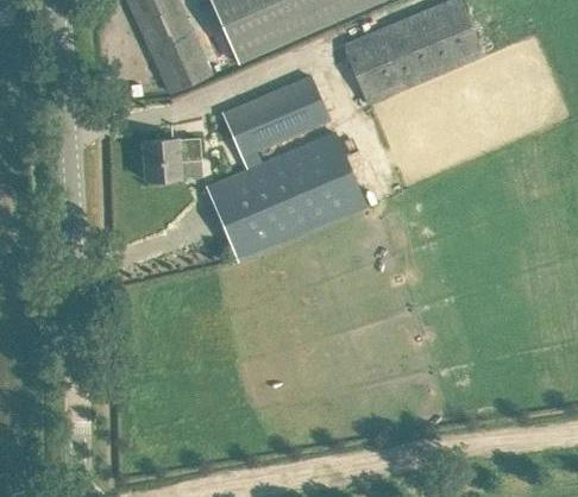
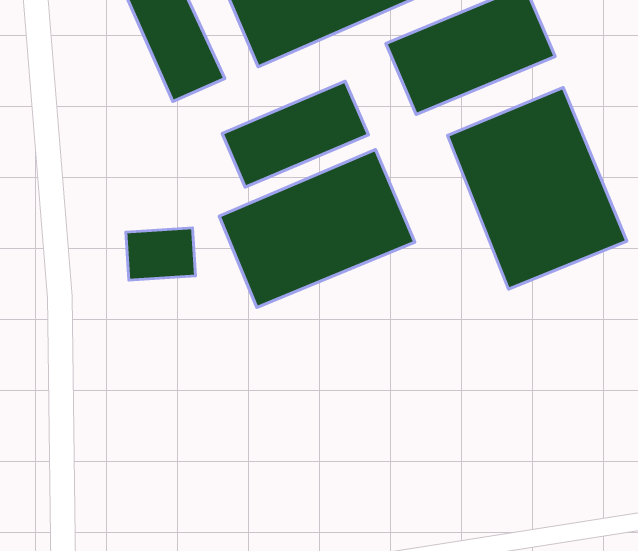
building: none -> [448,88,627,289]
building: [144,138,201,181] -> [126,228,196,280]

